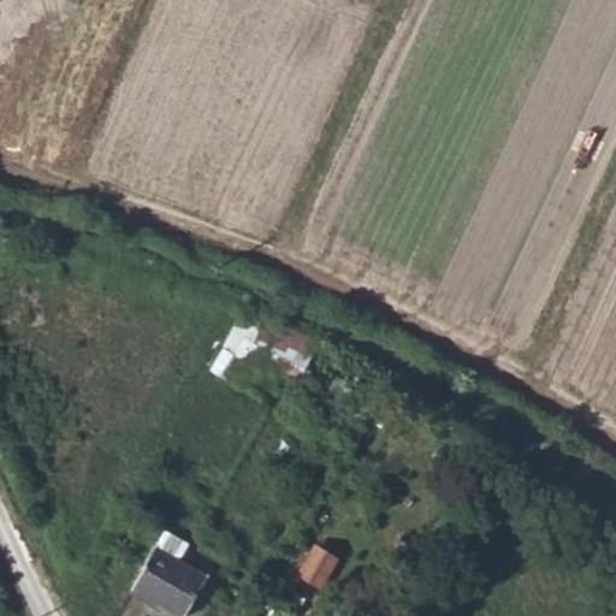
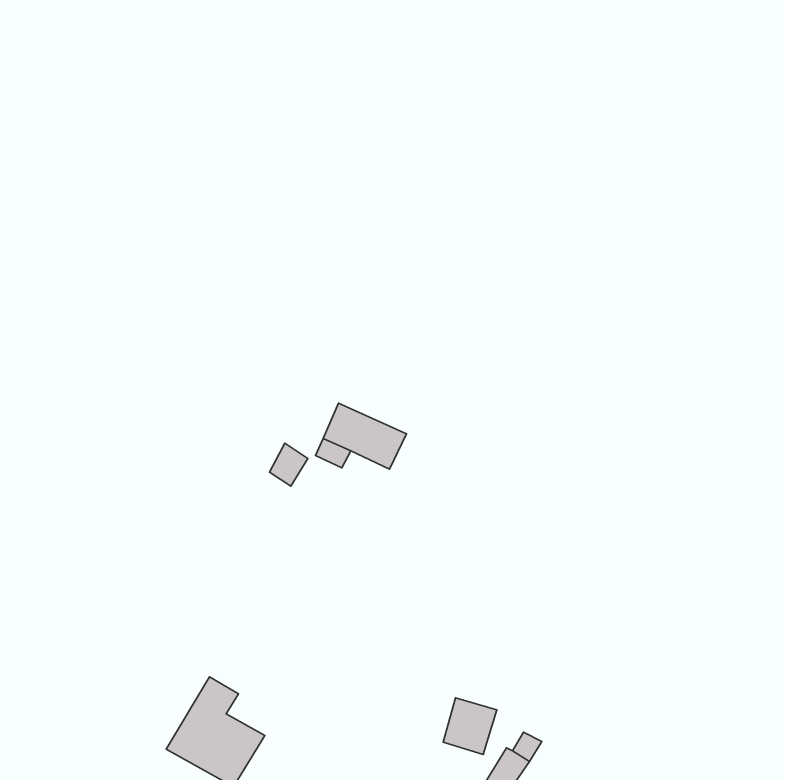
building: [296,545,338,590] -> [443,698,497,755]

